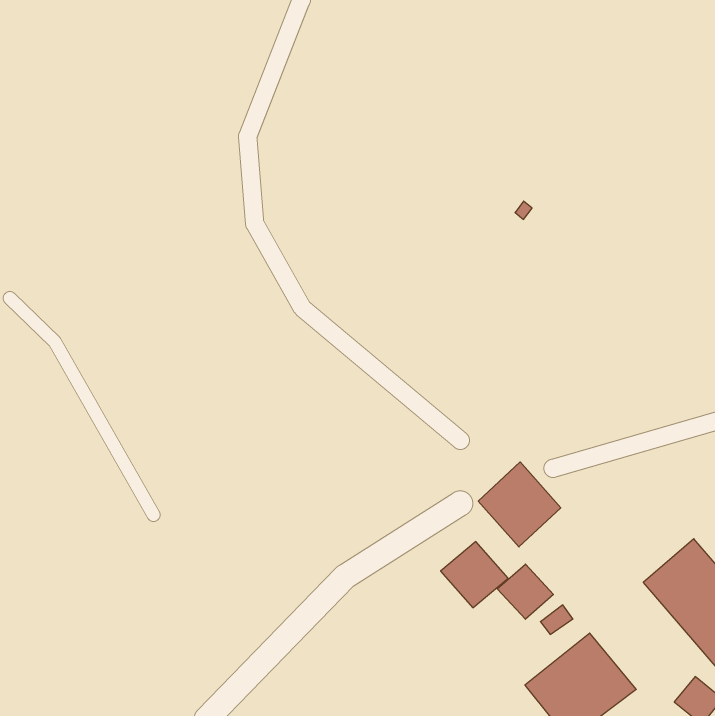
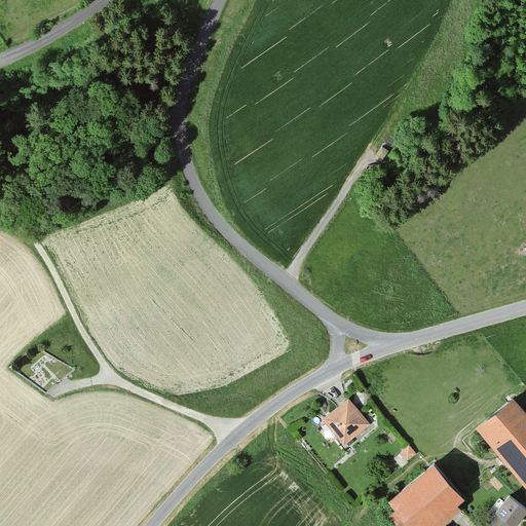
building: [478,462,561,547] -> none
building: [497,564,553,619] -> none

